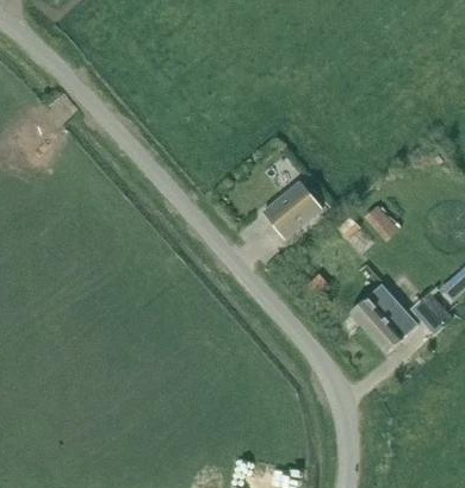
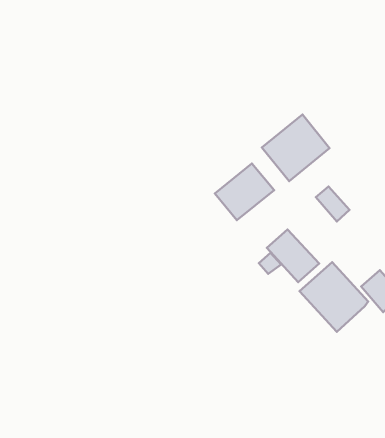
building: none -> [262,114,330,181]
building: none -> [267,229,319,282]

